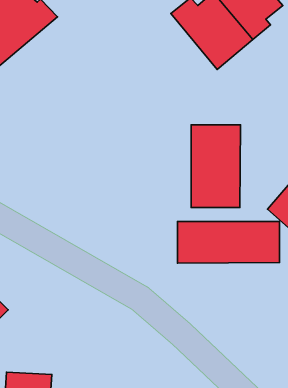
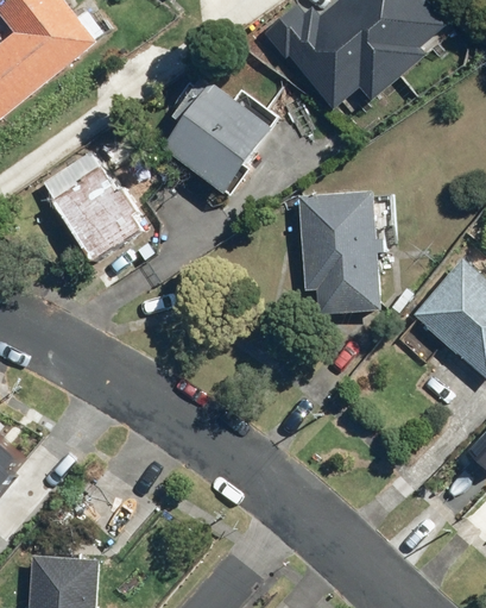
building: none -> [163,81,276,194]
building: none -> [39,150,141,261]
building: [177,221,279,263] -> none

